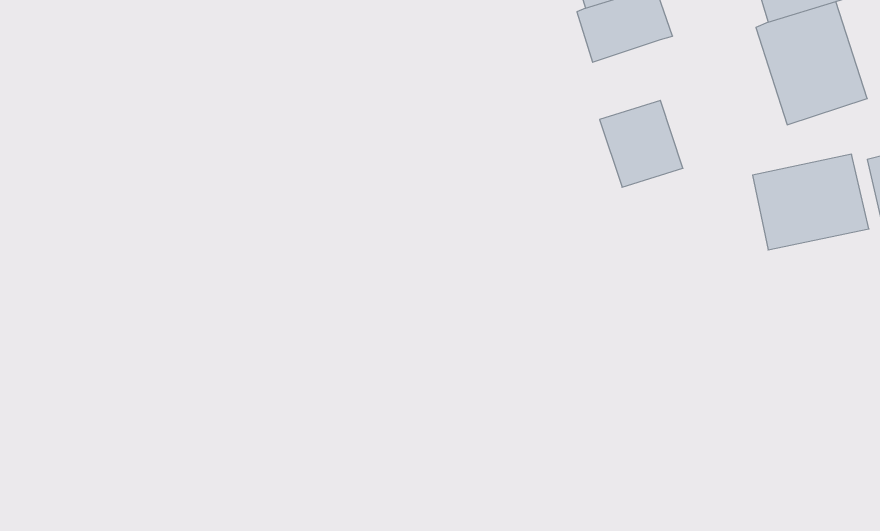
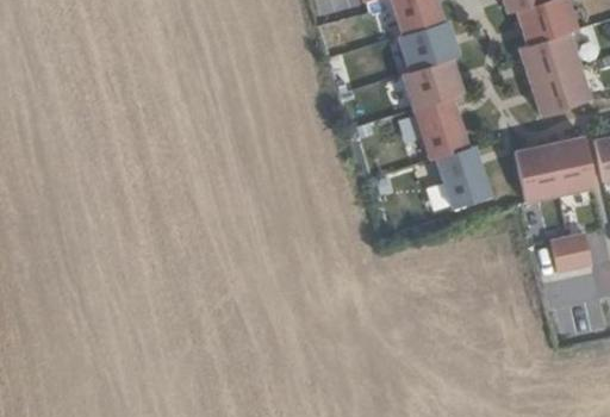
building: none -> [399,57,465,112]
building: none -> [435,147,493,211]
building: none -> [550,232,592,272]

